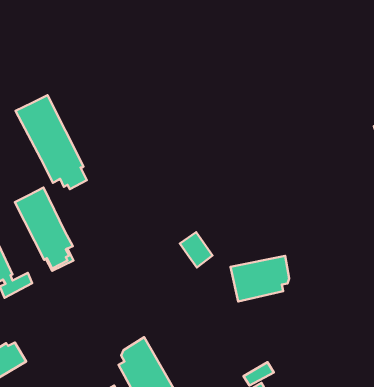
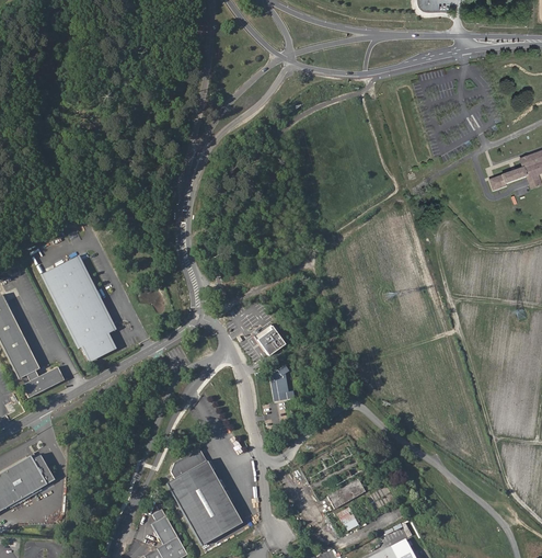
building: [16,95,87,189] -> none
building: [231,256,289,301] -> none
building: none -> [274,364,298,400]

